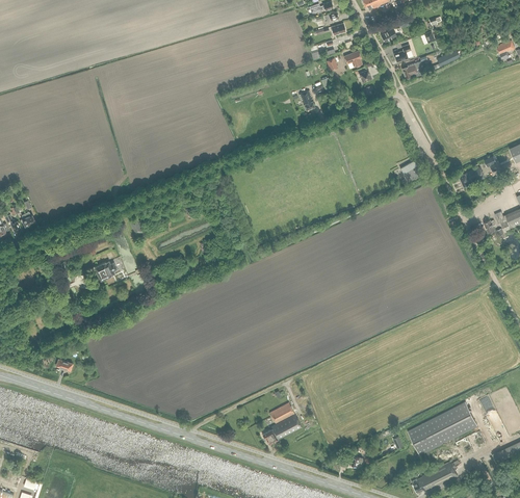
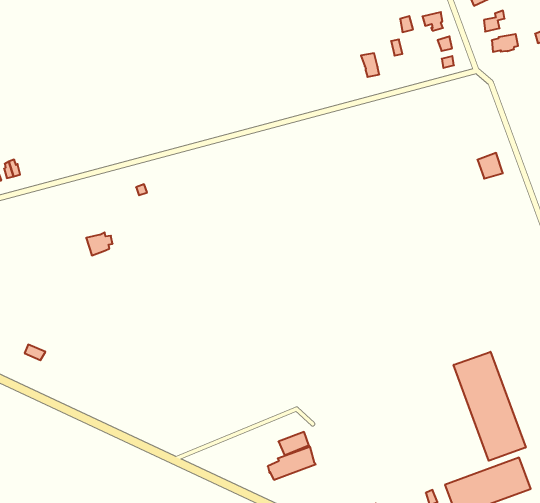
building: none -> [454,352,526,461]

